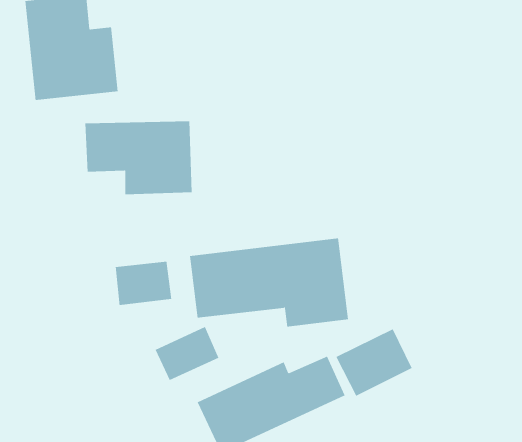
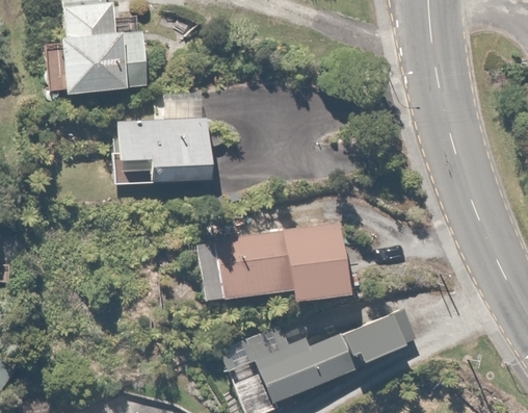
building: [115,261,172,306] -> none
building: [155,326,219,381] -> none

